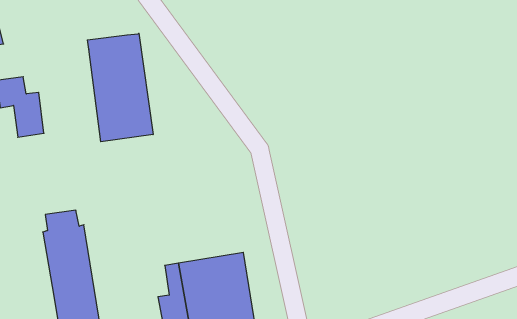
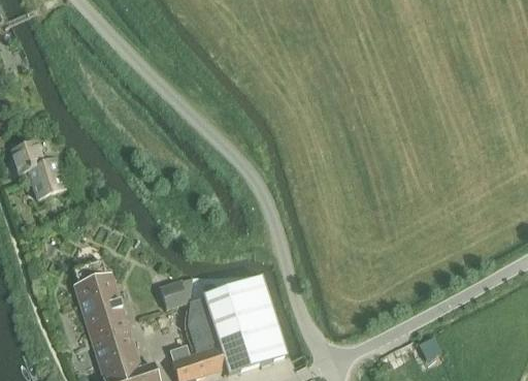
building: [87,33,153,142] -> none
building: none -> [159,277,187,307]

